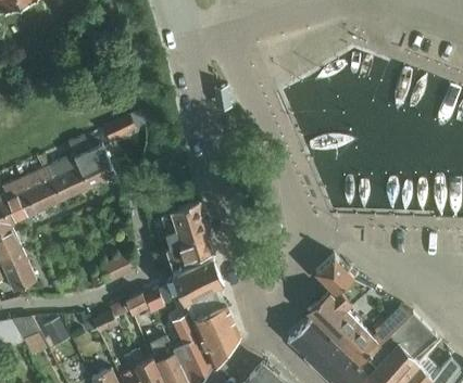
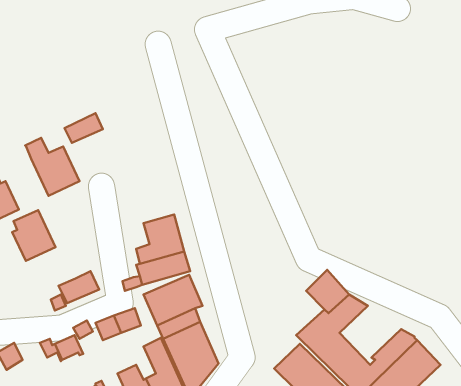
building: [51,155,89,200] -> [12,210,55,261]

